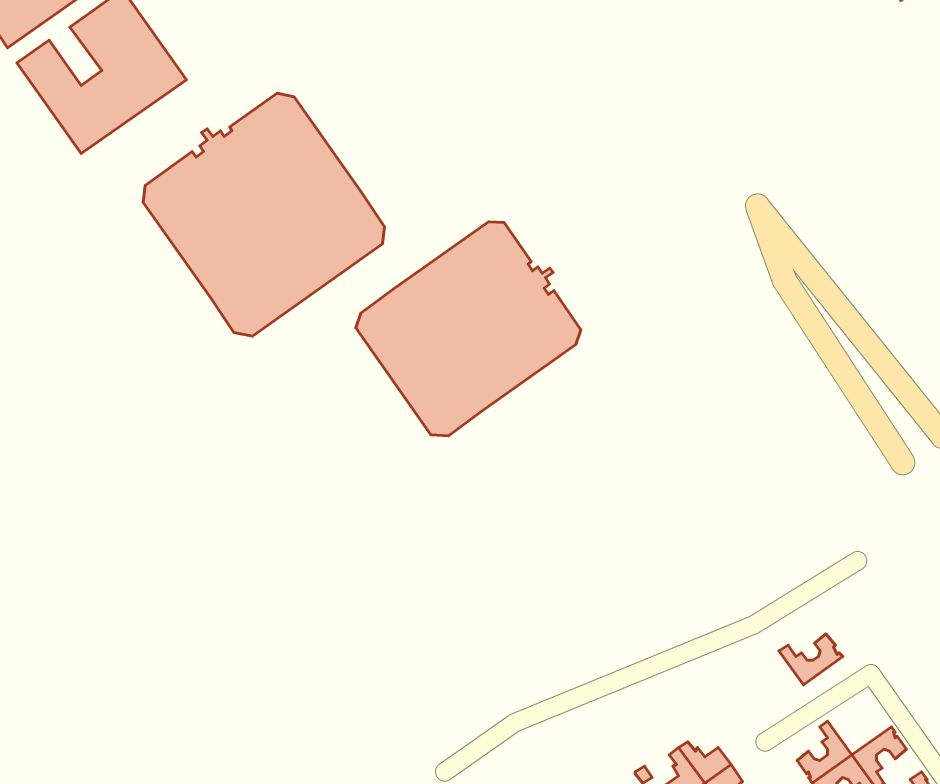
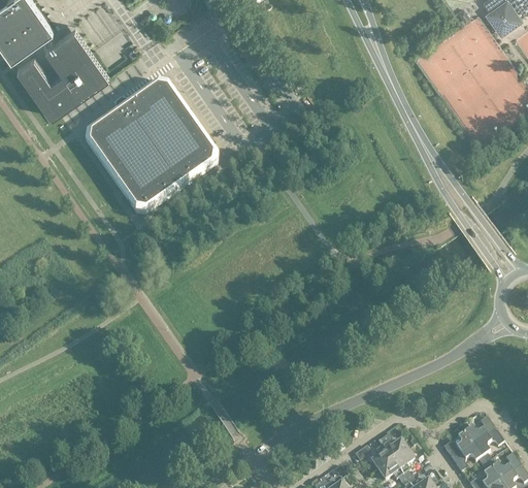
building: [356,222,581,436] -> none
building: [779,634,843,685] -> [459,415,494,443]

